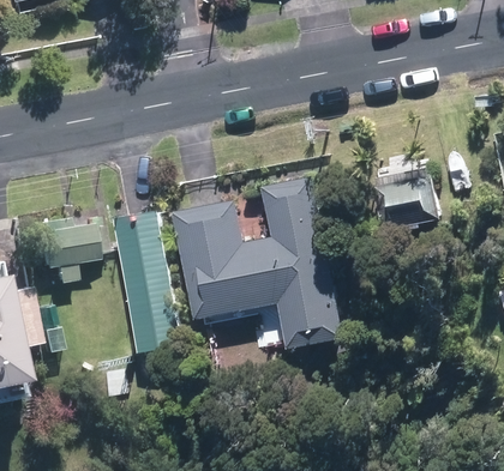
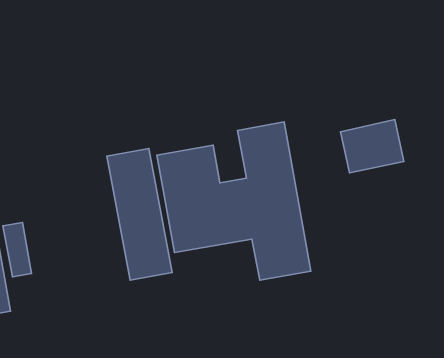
building: [30,217,102,283] -> none

